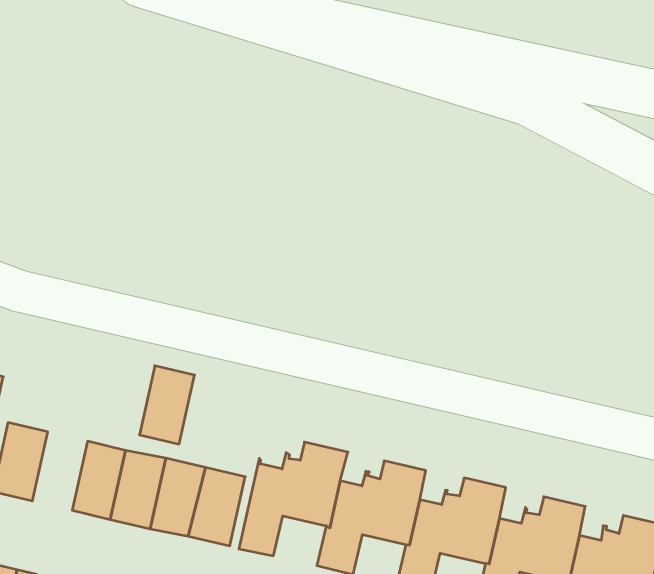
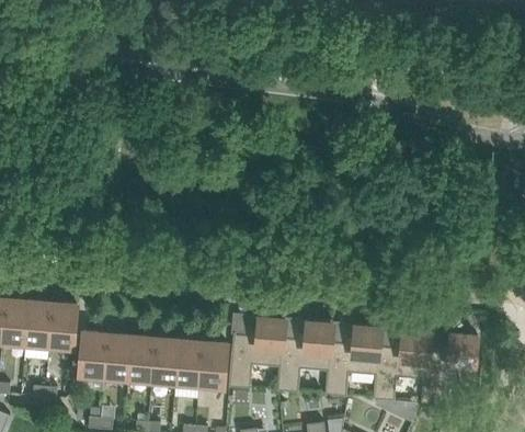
building: [139,366,195,444] -> [104,333,132,377]

